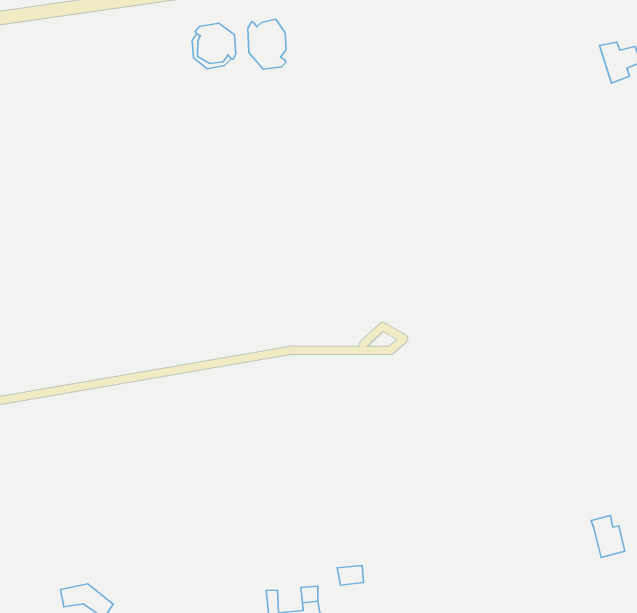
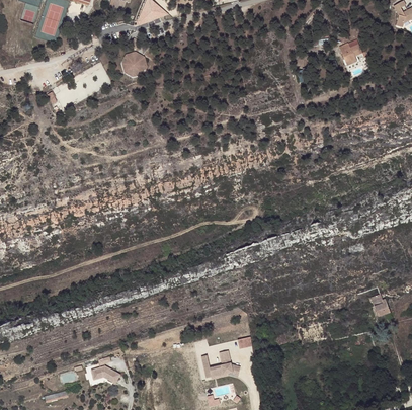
building: [248,19,286,69] -> none

